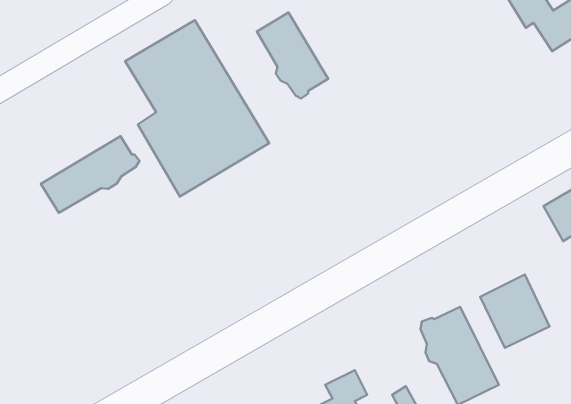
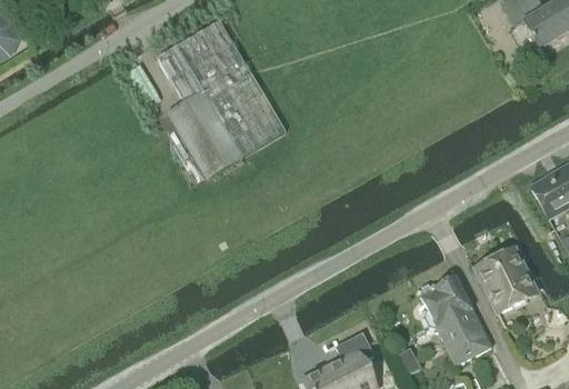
building: [257,12,328,99] -> none
building: [41,136,140,213] -> none

